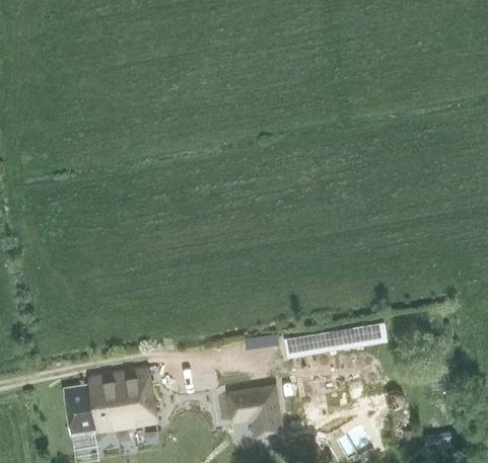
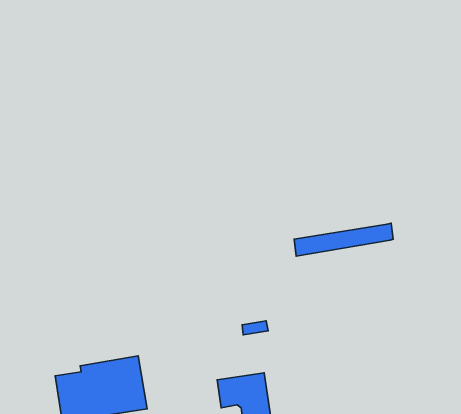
building: [286,322,387,356] -> [294,223,393,256]

